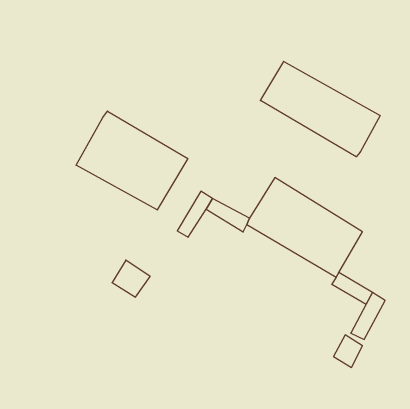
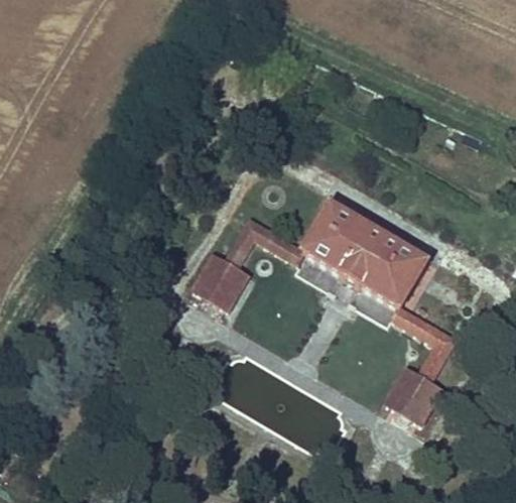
building: [260,61,380,157] -> none
building: [76,111,188,210] -> none
building: [112,260,150,297] -> [200,259,242,300]

